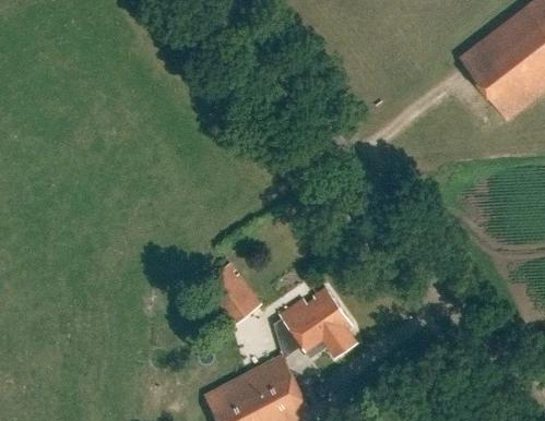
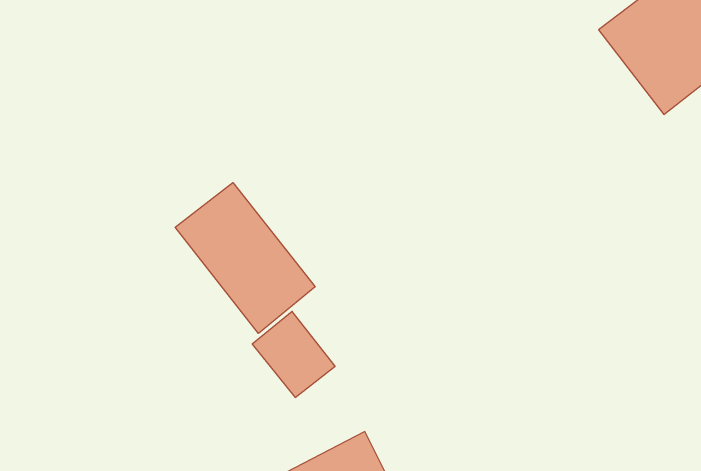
building: none -> [175,183,315,333]
building: [281,287,358,359] -> none

